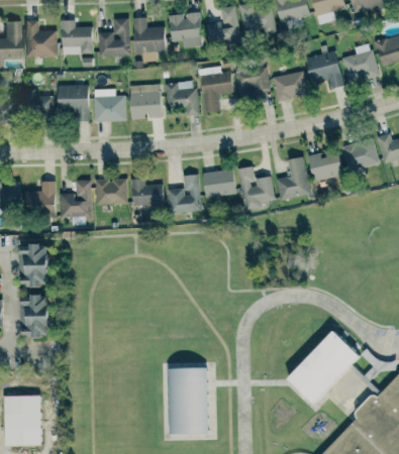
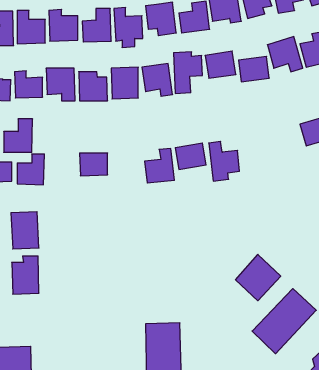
building: [309,148,343,181] -> none
building: [276,156,311,200] -> none
building: [130,178,164,207] -> none
building: [60,180,92,217] -> [4,119,33,152]
building: none -> [236,254,281,301]

